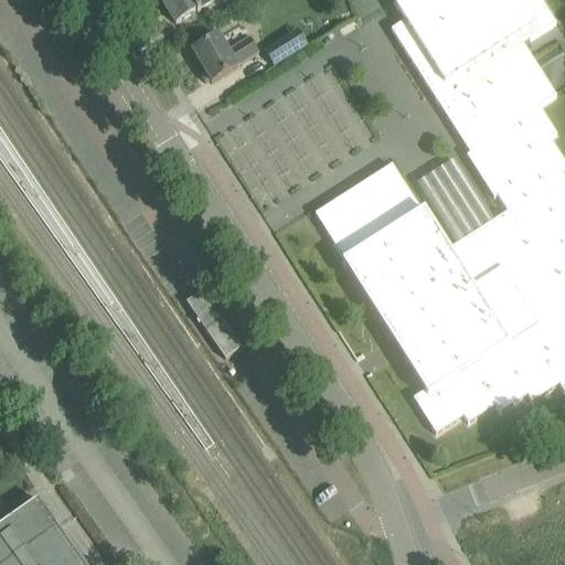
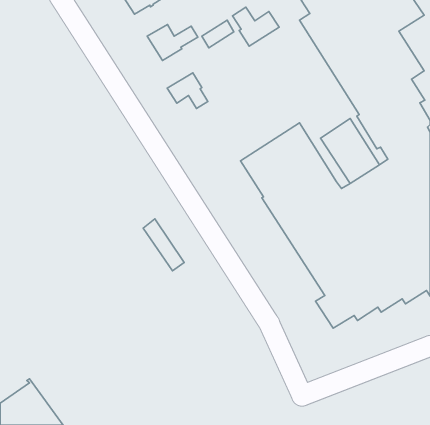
building: none -> [233,7,279,46]
building: none -> [167,73,208,108]

